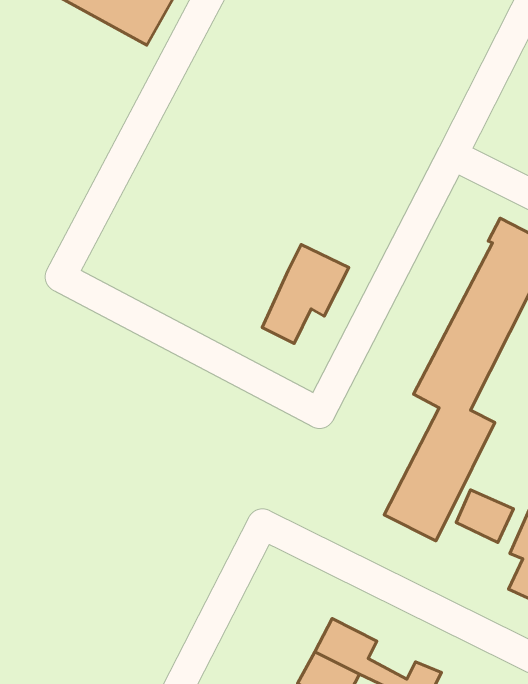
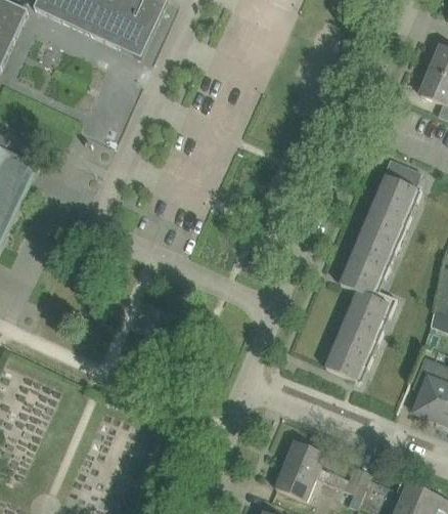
building: [262,245,349,343] -> none
building: [456,490,514,543] -> none

